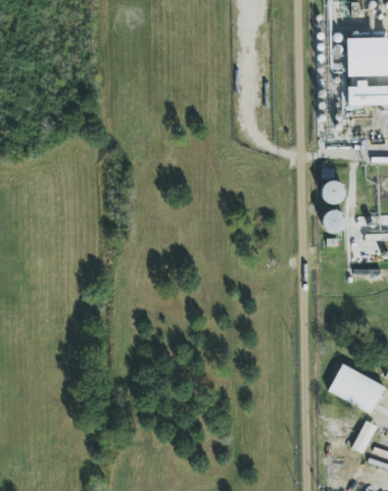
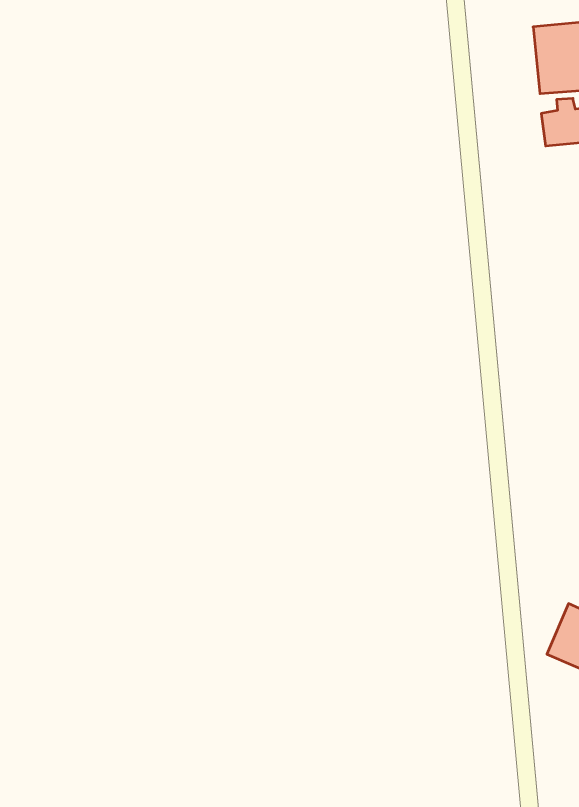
building: [323,182,343,203] -> none
building: [323,210,344,233] -> none

